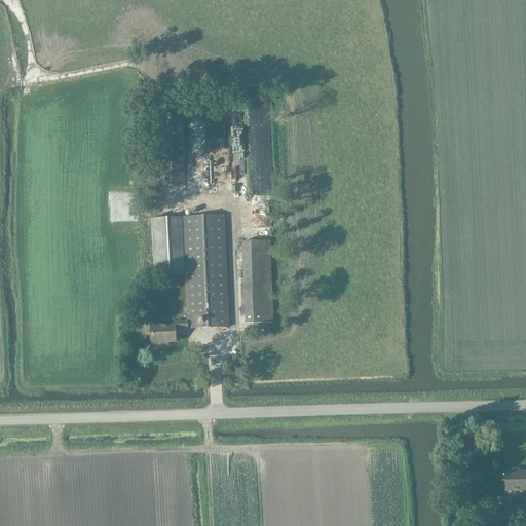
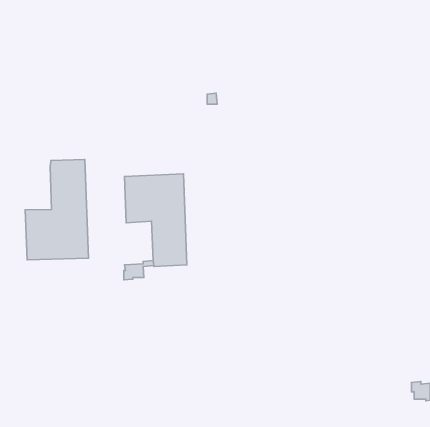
building: none -> [25,160,89,260]
building: [242,238,271,322] -> none

